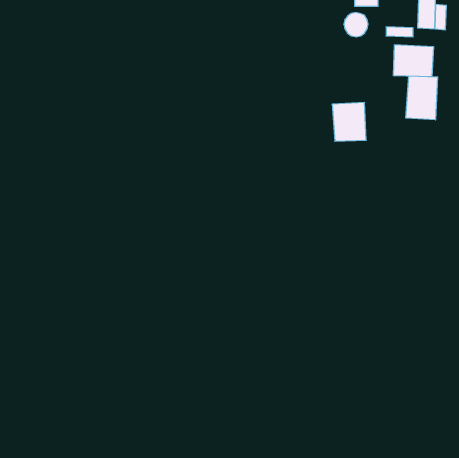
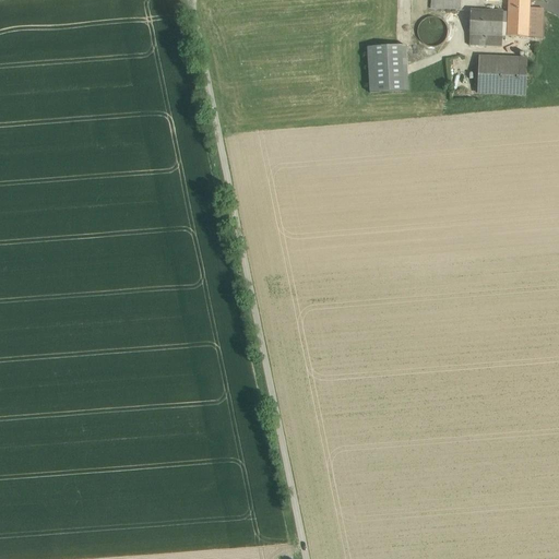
building: none -> [468,9,502,34]
building: [406,76,437,120] -> none
building: [332,103,366,141] -> [366,44,407,91]

